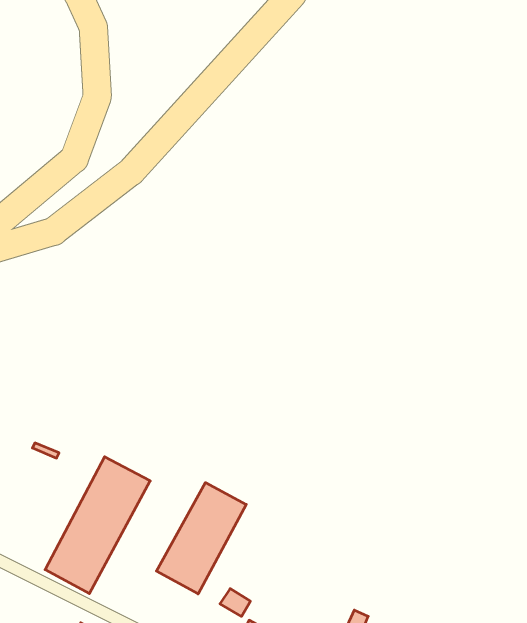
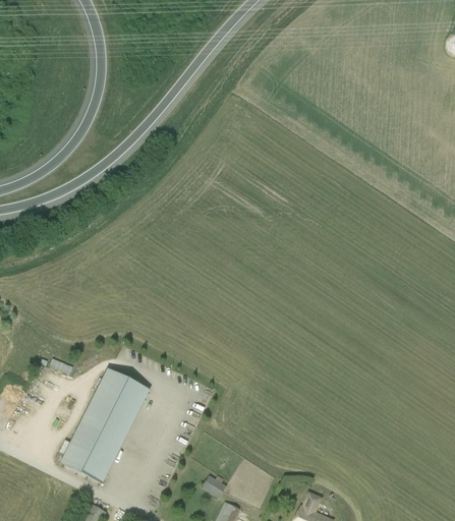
building: [156,483,246,594] -> none

